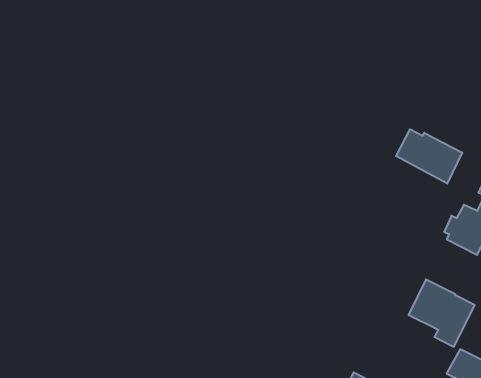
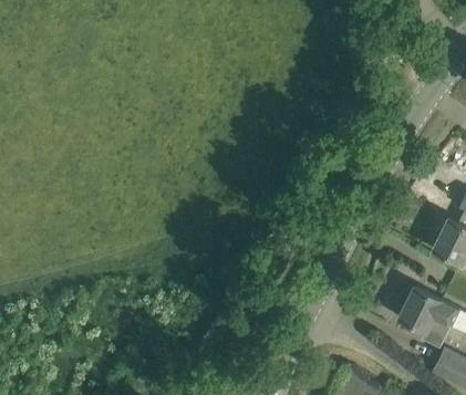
building: [396,129,462,184] -> none

